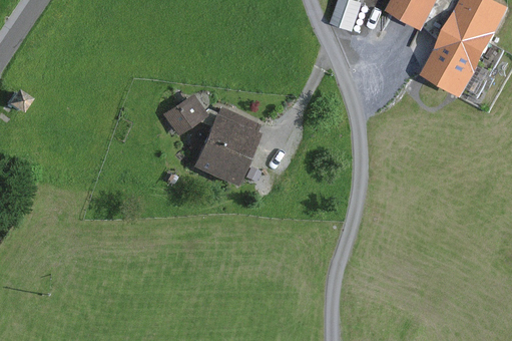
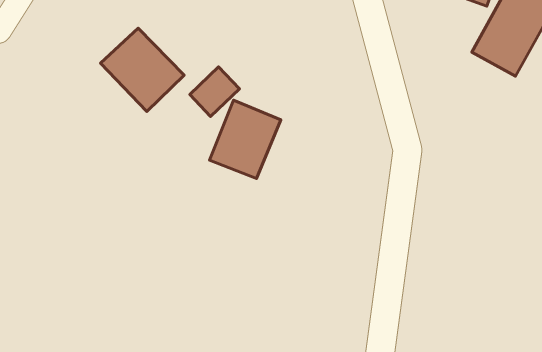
building: none -> [100,28,184,112]

